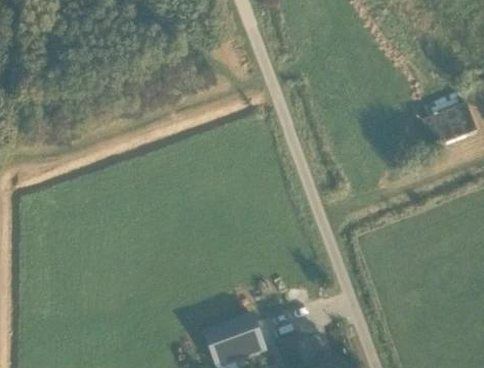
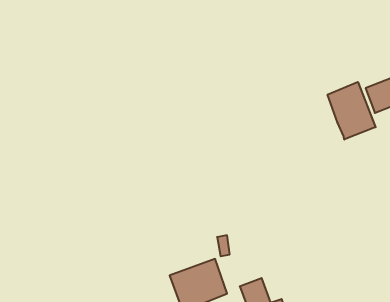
building: none -> [328,82,376,140]

